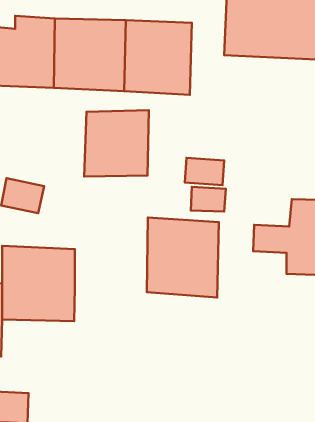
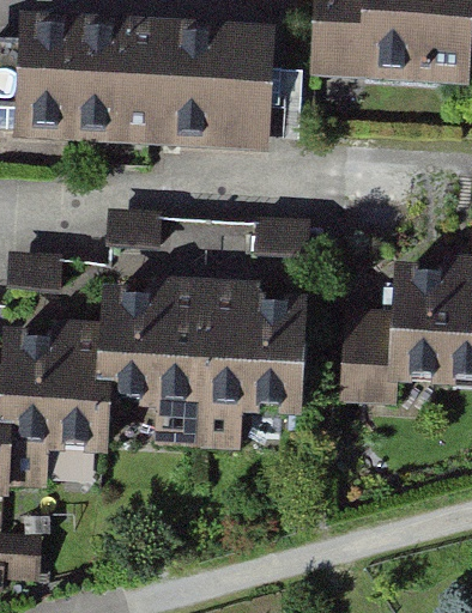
building: [84,110,149,177] -> none
building: none -> [108,293,207,401]

